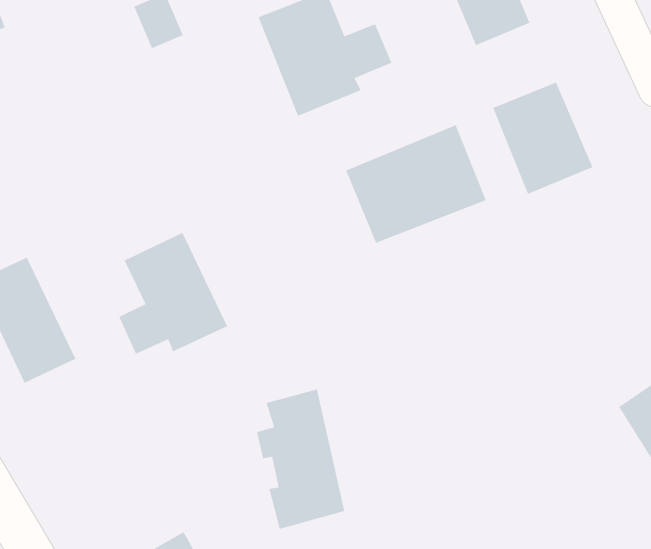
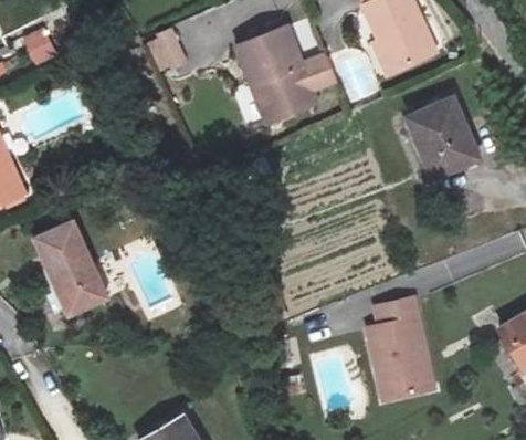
building: [345,124,487,244] -> none
building: [118,232,228,355] -> none
building: [256,389,345,530] -> [368,301,432,402]

